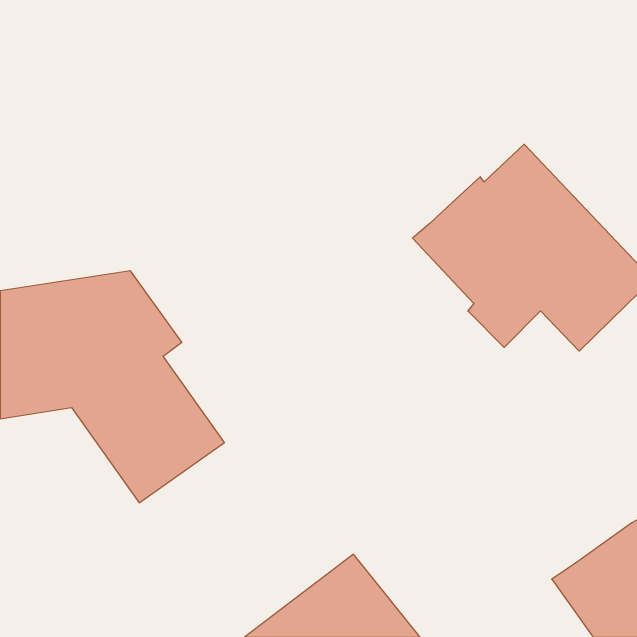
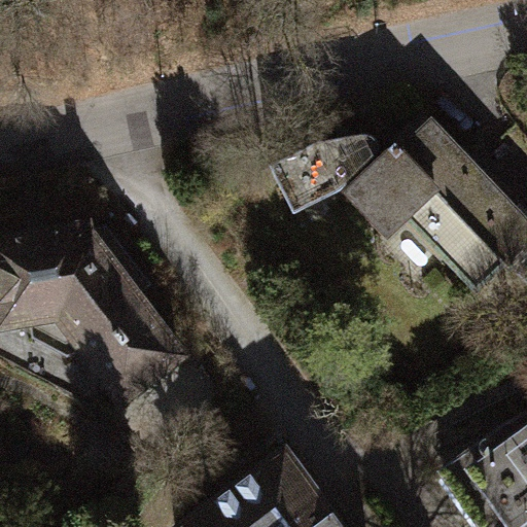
building: none -> [273,133,382,209]

